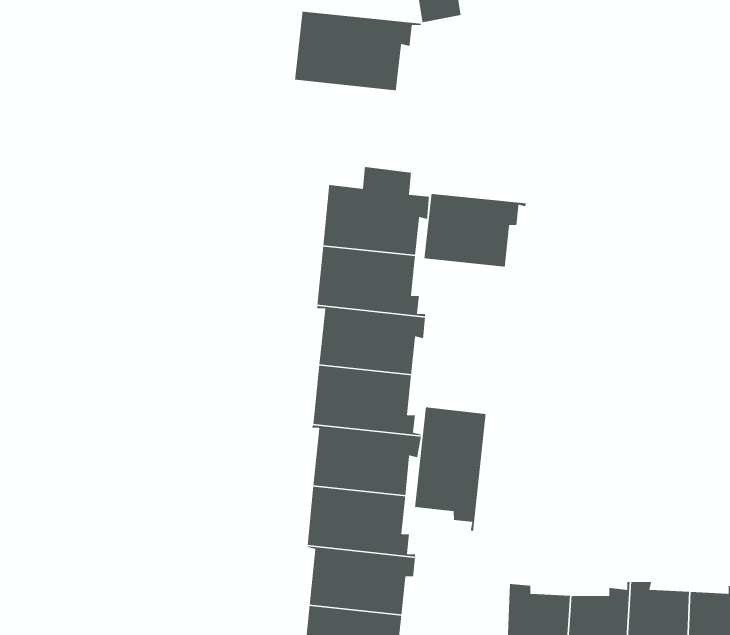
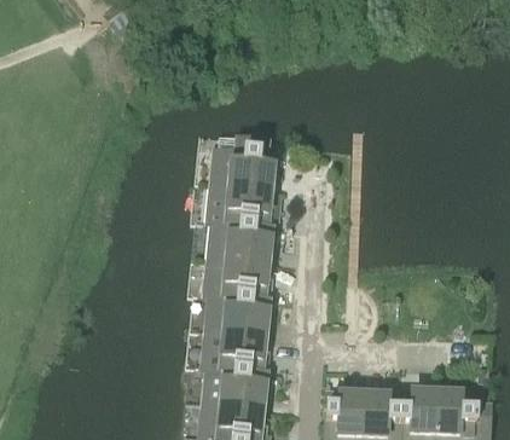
building: [294,11,422,91] -> none
building: [423,193,527,268] -> none
building: [414,406,486,532] -> none

